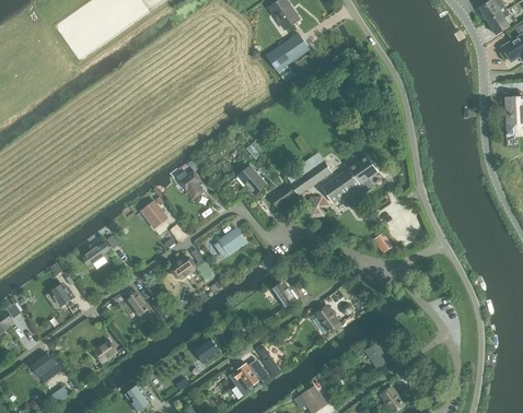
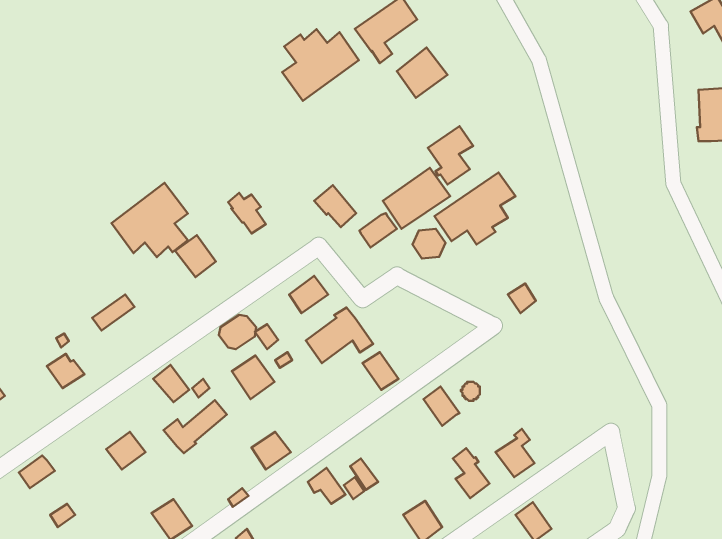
building: none -> [282,29,359,101]
building: none -> [397,47,448,98]
building: none -> [428,126,473,184]
building: none -> [112,183,188,257]
building: none -> [306,307,373,363]
building: none -> [232,356,275,399]
building: none -> [164,400,227,453]
building: none -> [453,448,490,498]

